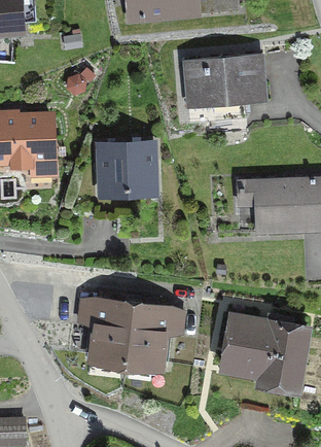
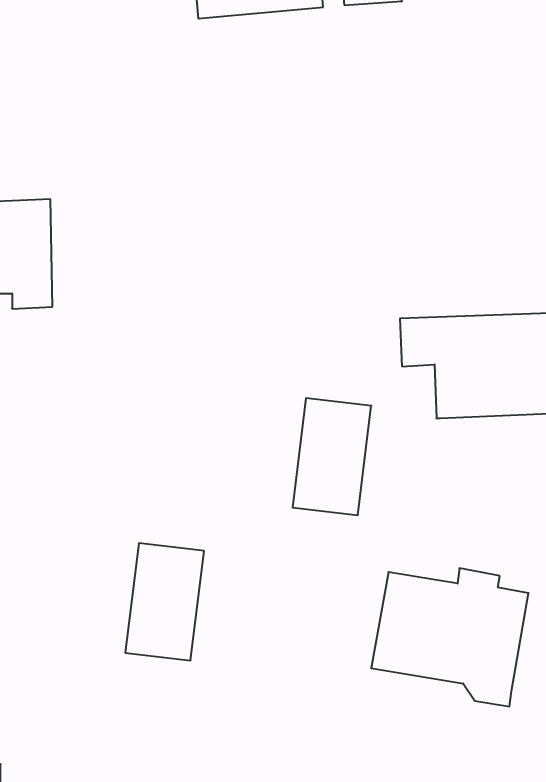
building: [184,55,265,104] -> none
building: [100,145,153,194] -> none
building: [126,305,168,368] -> [293,398,371,515]

